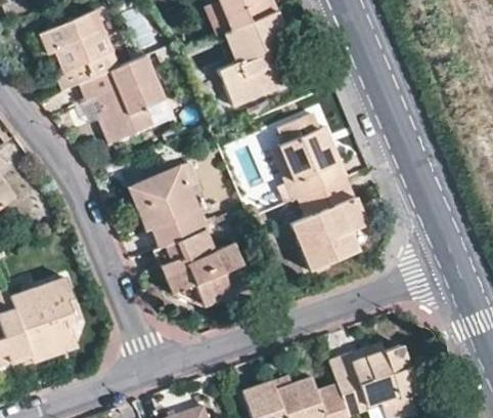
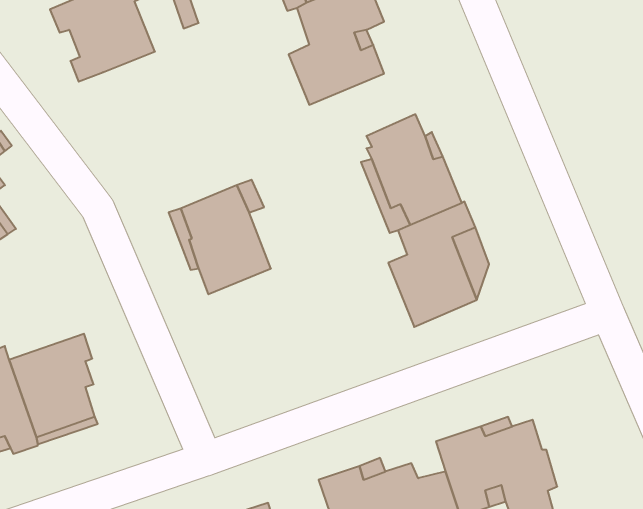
building: [79,55,163,143] -> none
building: [155,229,250,306] -> none

